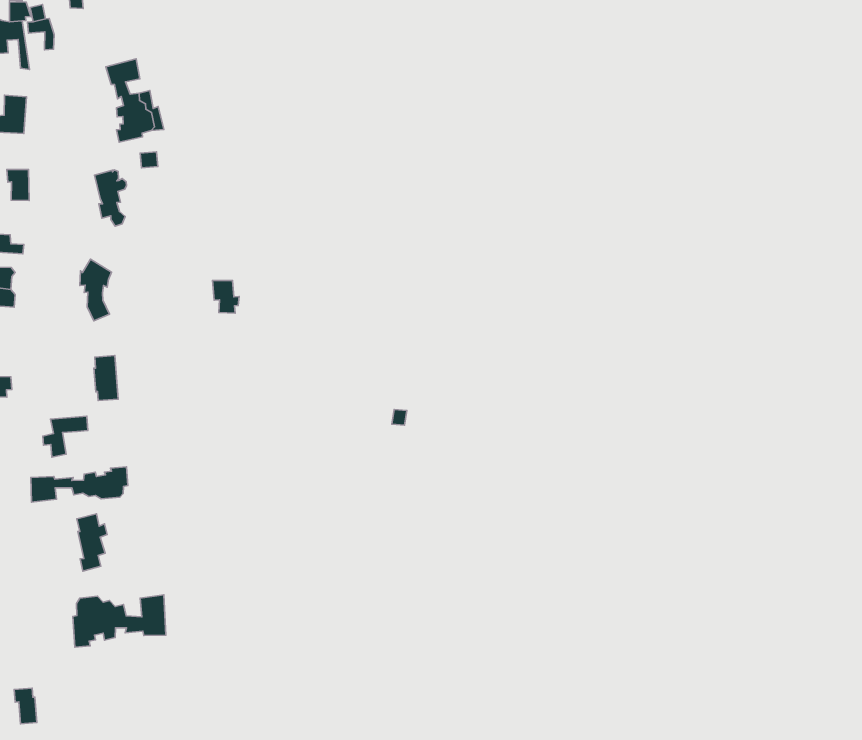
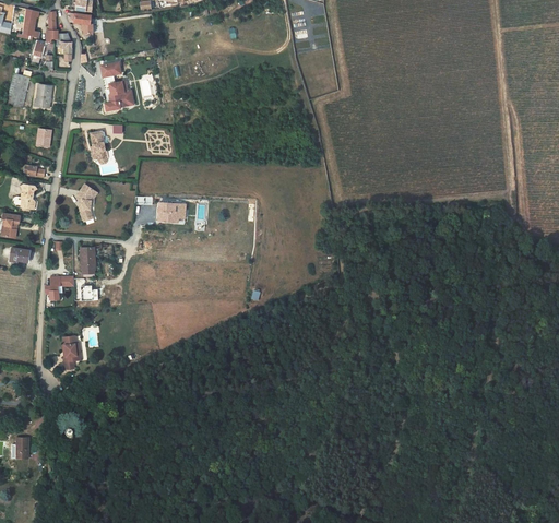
building: [31,467,128,502] -> none
building: [73,595,166,647] -> none

